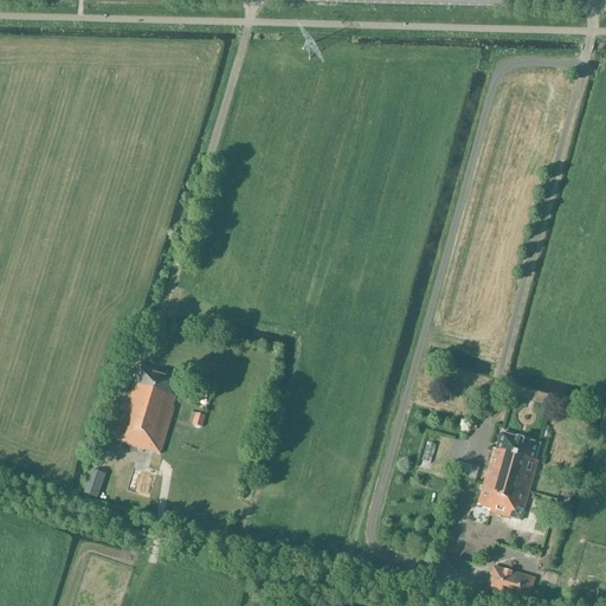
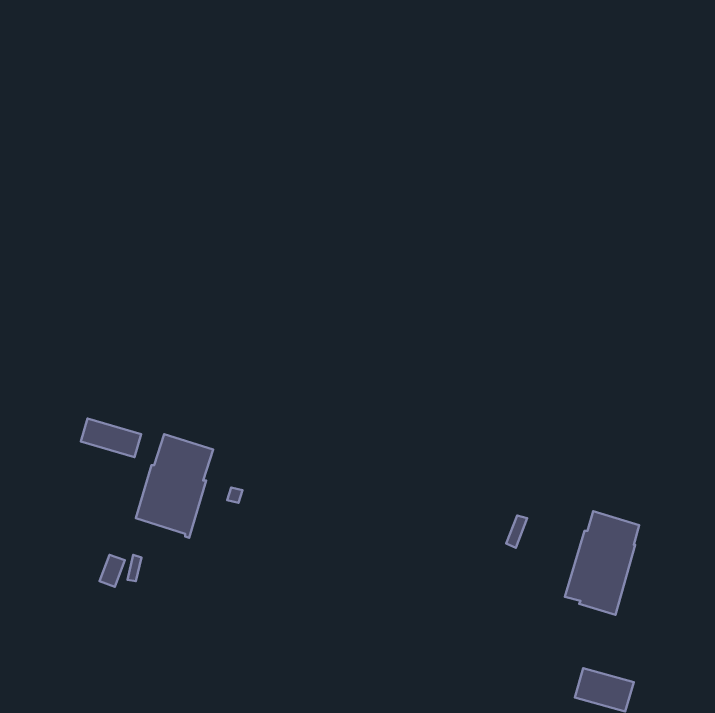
building: none -> [81,418,141,457]

